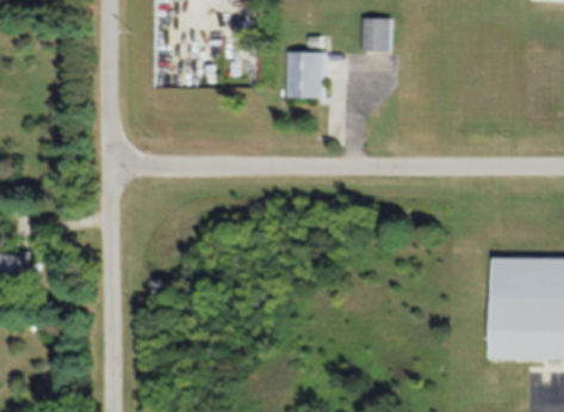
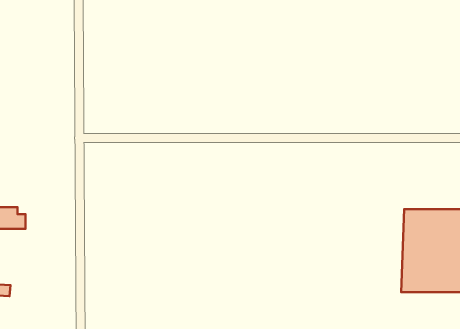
building: [361,18,388,51] -> none
building: [289,53,323,98] -> none

